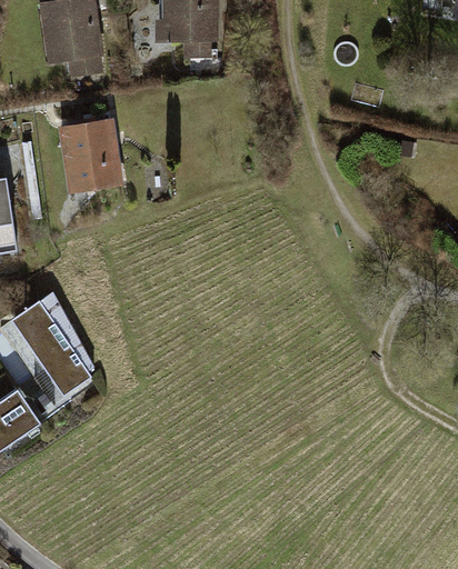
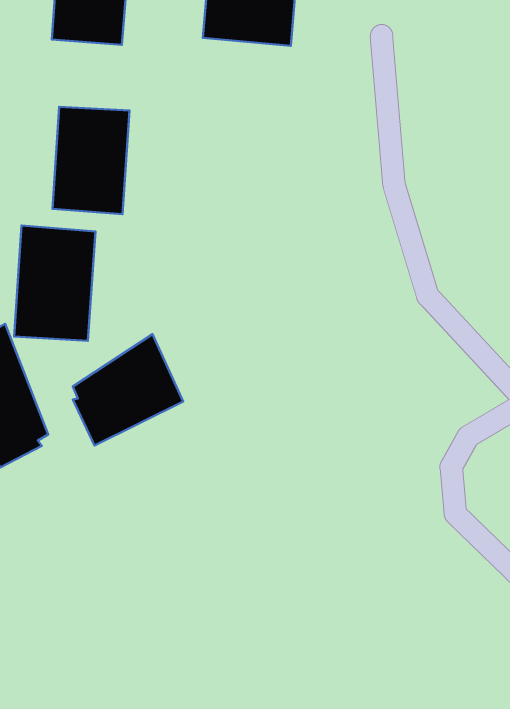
building: none -> [14,226,95,341]
building: none -> [73,334,183,445]

